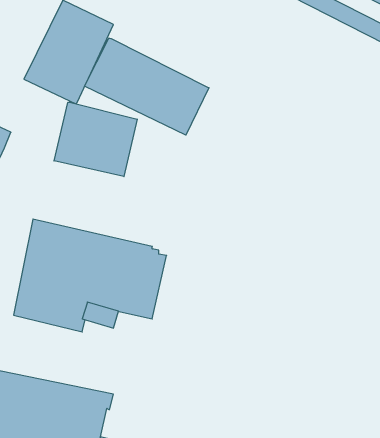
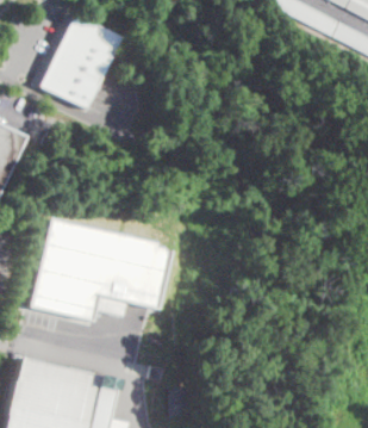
building: [85,38,209,135] -> none
building: [54,102,137,177] -> none

